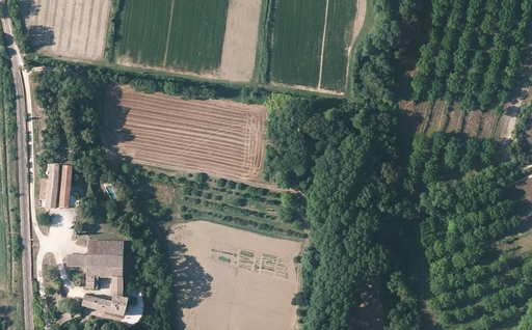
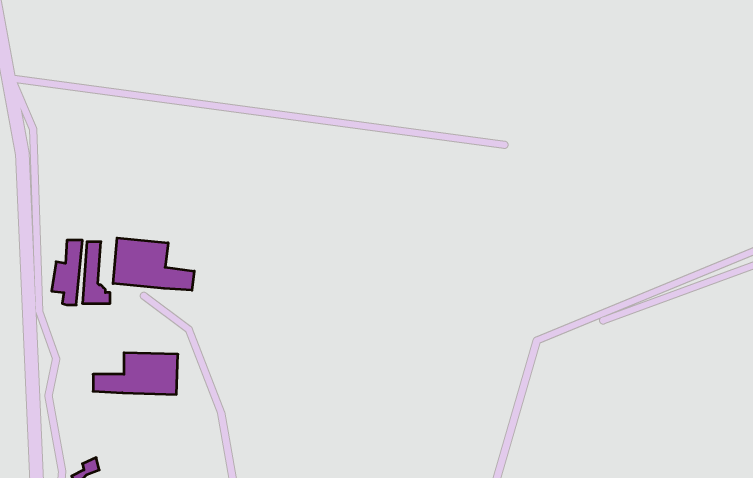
building: none -> [113,238,194,290]
building: [82,267,128,314] -> none

